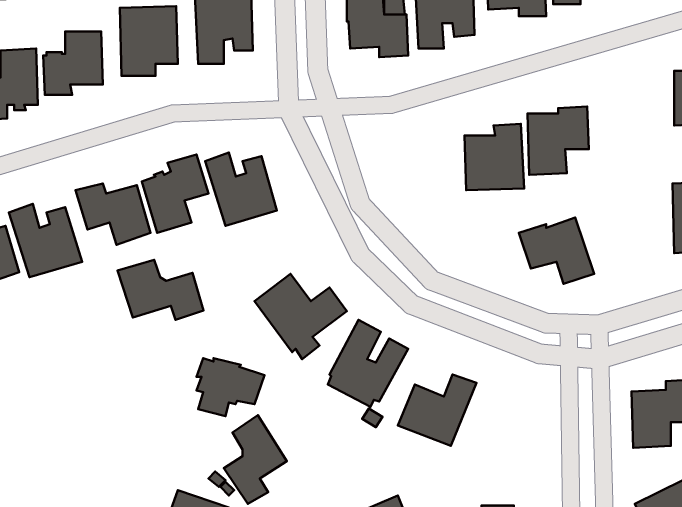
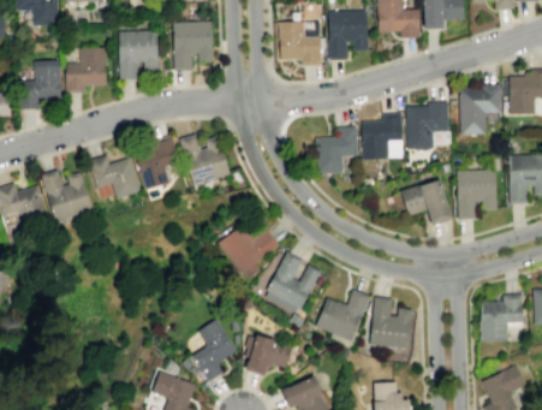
building: none -> [459,83,502,135]
building: none -> [316,126,358,174]
building: none -> [457,170,496,219]
building: [117,260,203,320] -> none
building: [196,358,265,416] -> [244,334,292,375]
building: none -> [370,297,412,349]

